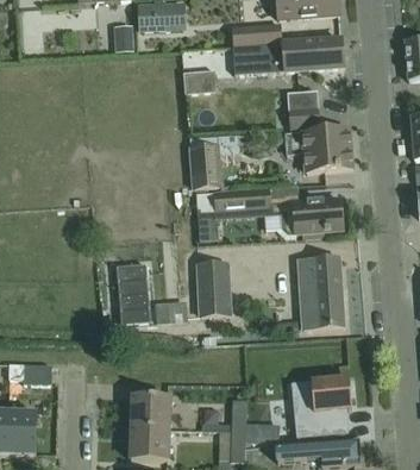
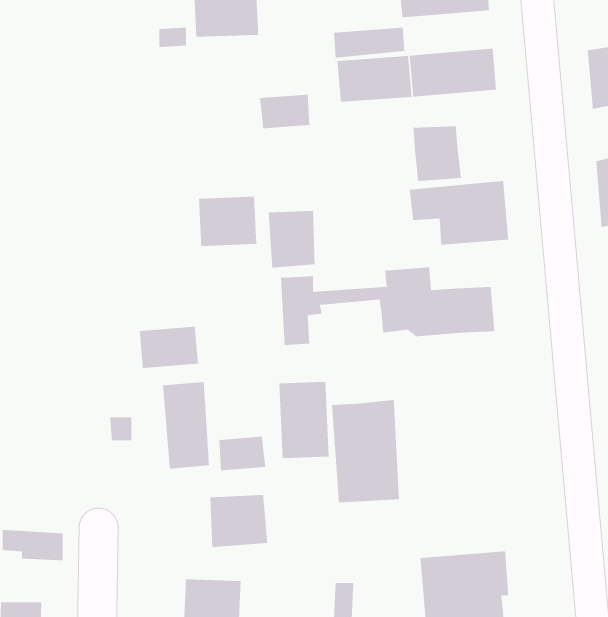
building: none -> [198,196,257,247]
building: none -> [139,326,199,369]
building: [295,256,341,326] -> [331,399,400,503]
building: none -> [209,494,268,548]

